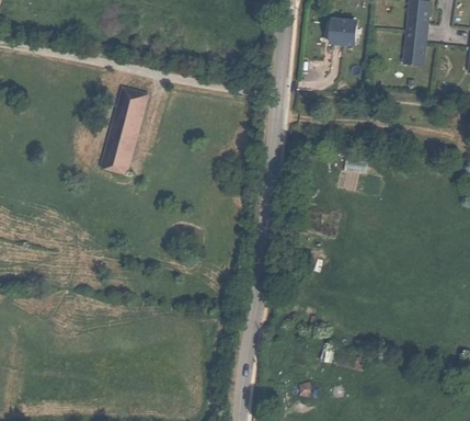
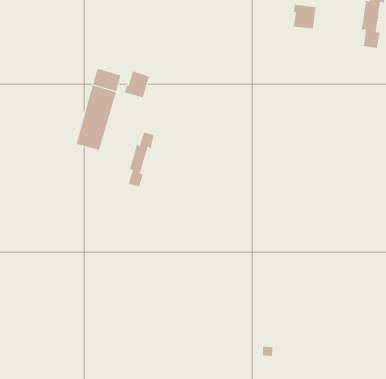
building: none -> [124,70,149,98]
building: none -> [126,131,154,187]

